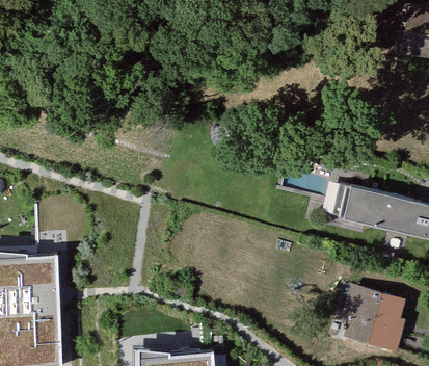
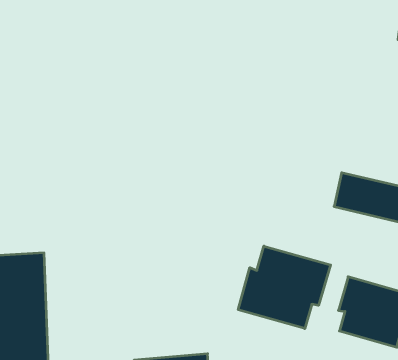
building: none -> [238,246,331,329]

